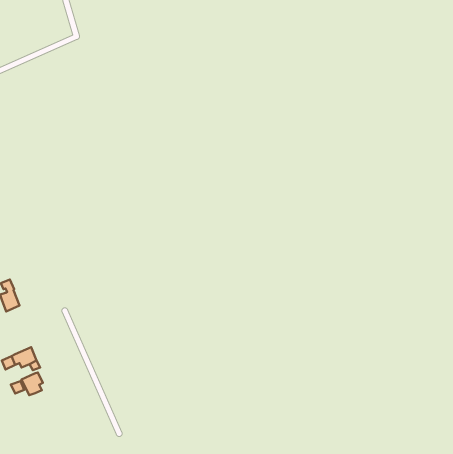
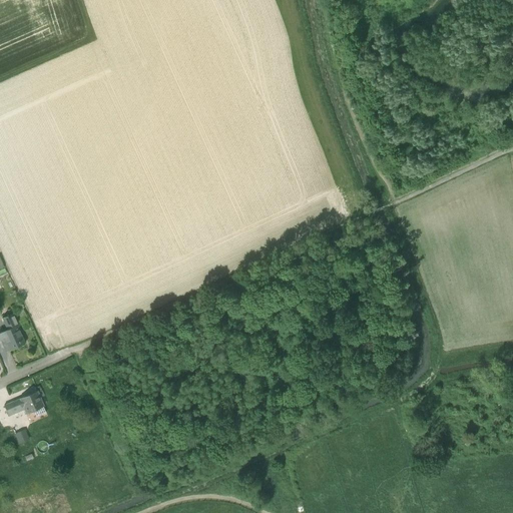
building: [21,372,43,395] -> none

